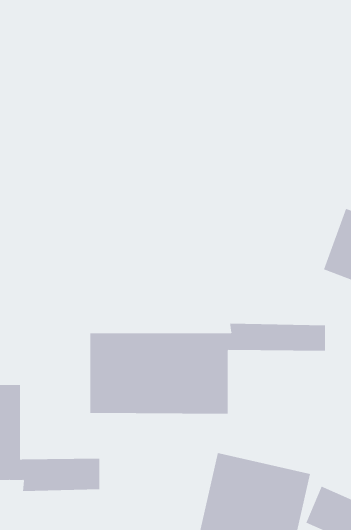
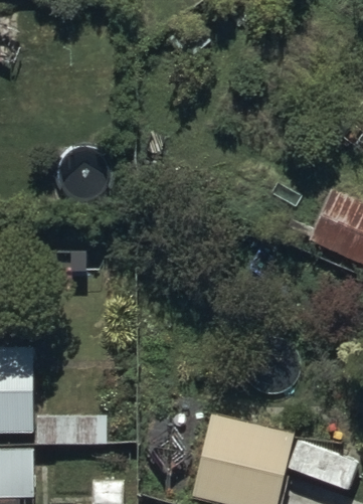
building: [90,323,325,414] -> none

